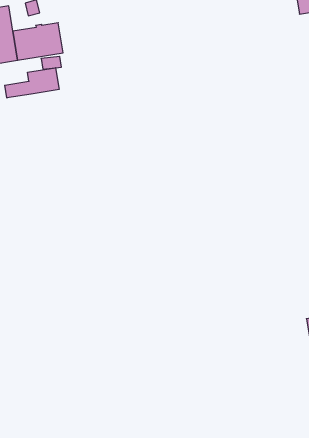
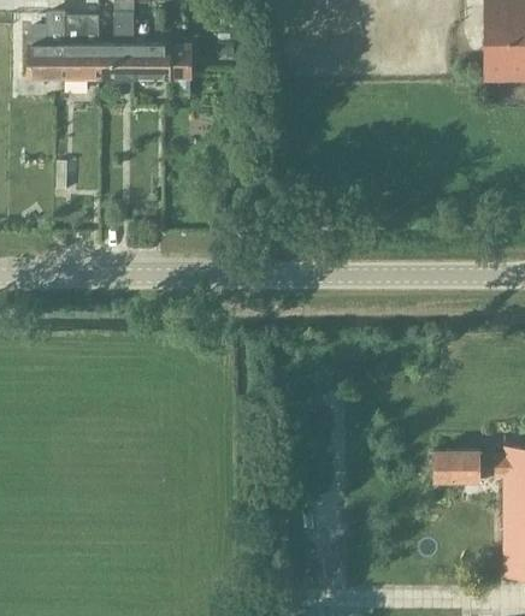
building: [5,68,59,98] -> none

